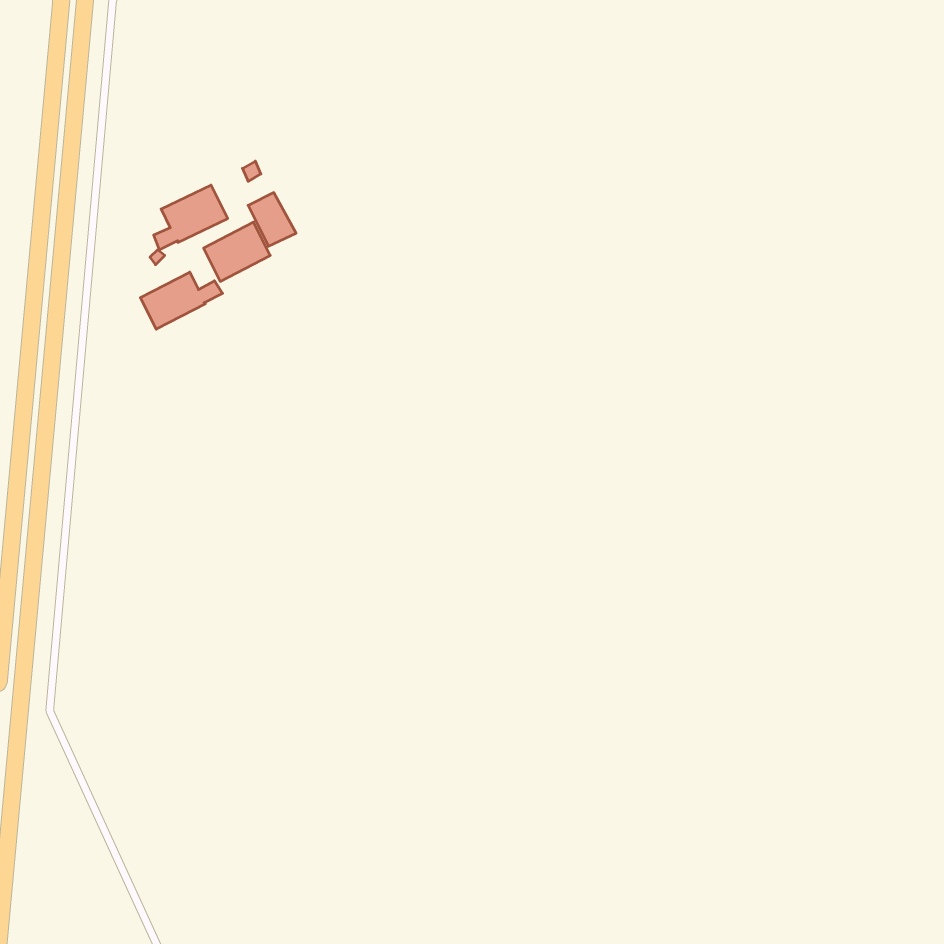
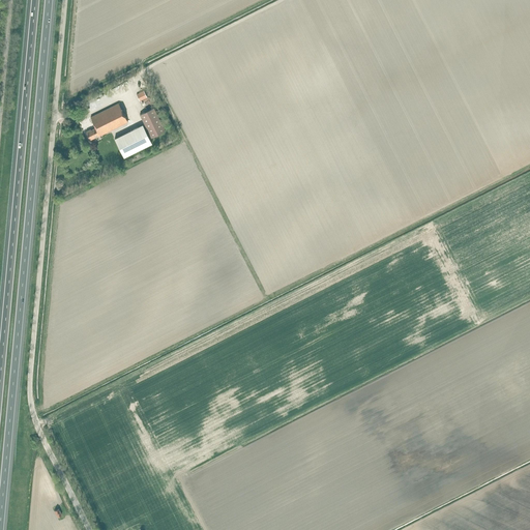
building: [140,272,223,329] -> none

